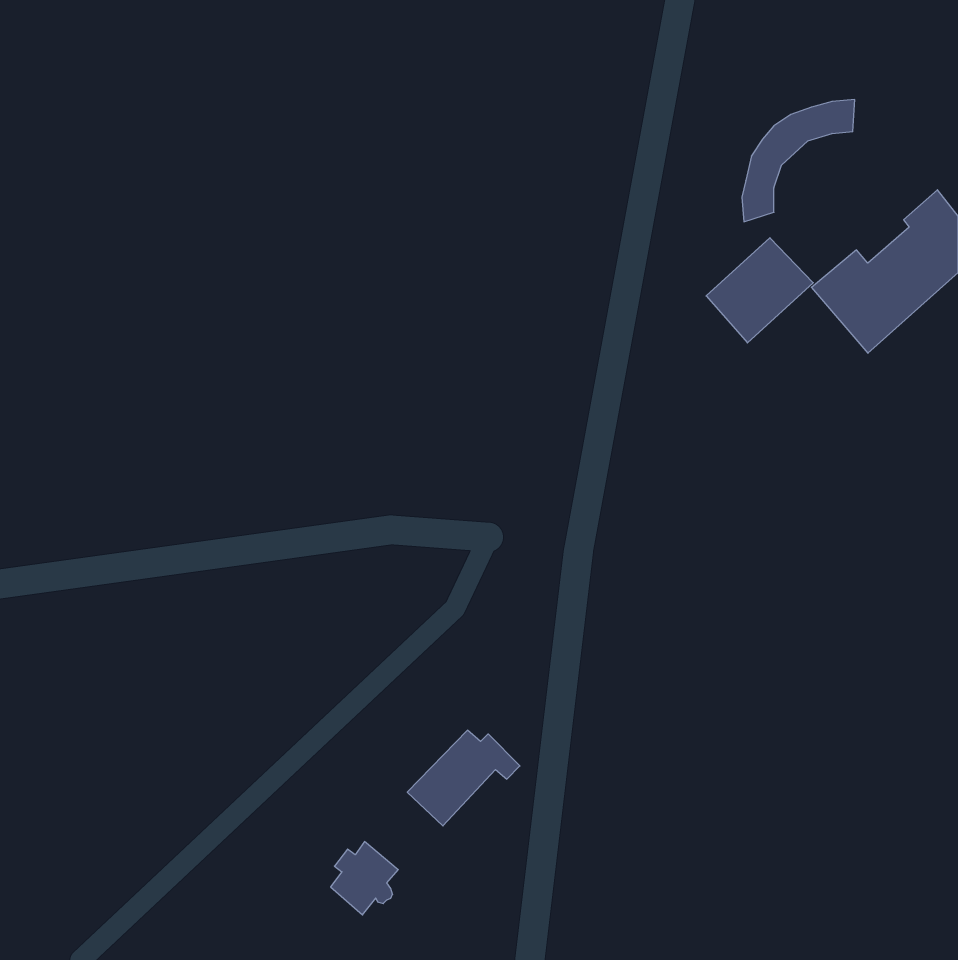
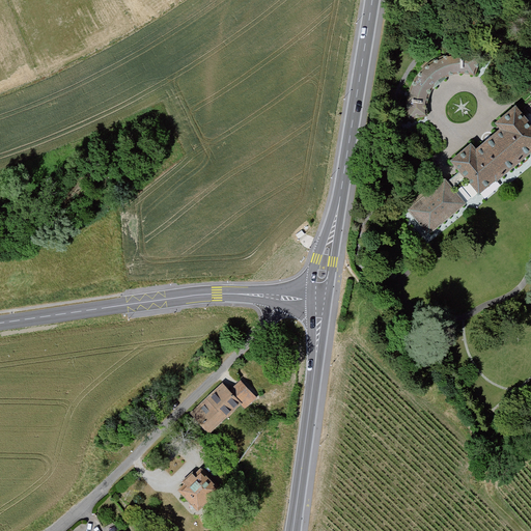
building: [706,238,813,343] -> [408,176,467,234]
building: [407,730,520,826] -> [190,381,252,434]

